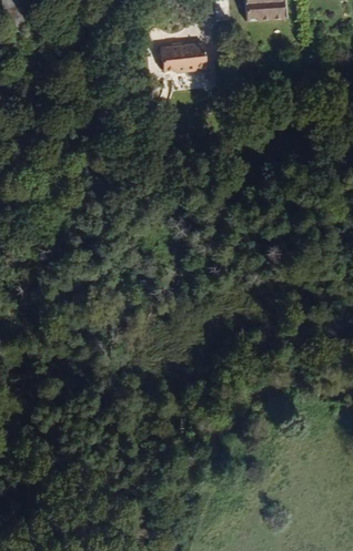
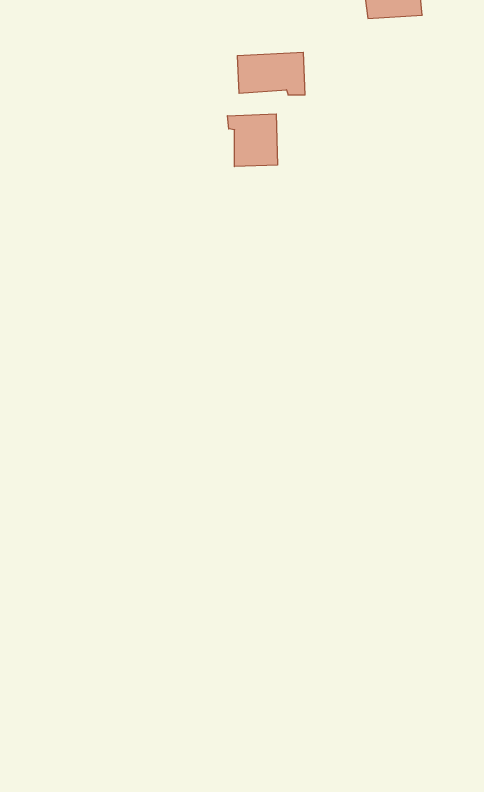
building: none -> [227,114,277,167]

